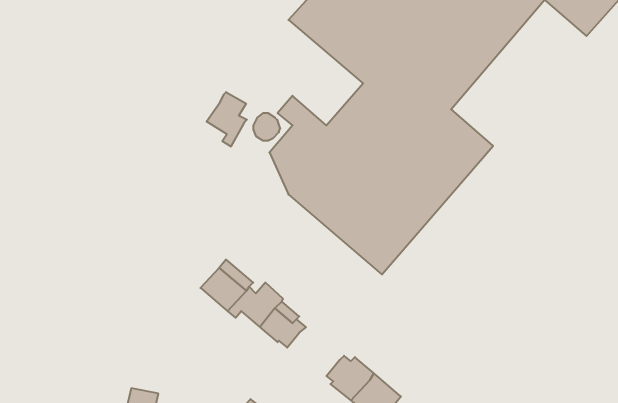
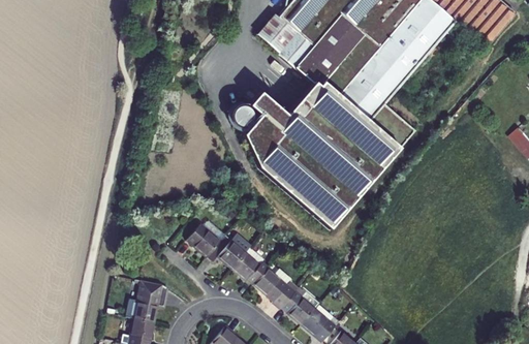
building: [207,92,247,147] -> none
building: none -> [255,270,299,311]
building: none -> [130,280,170,320]

